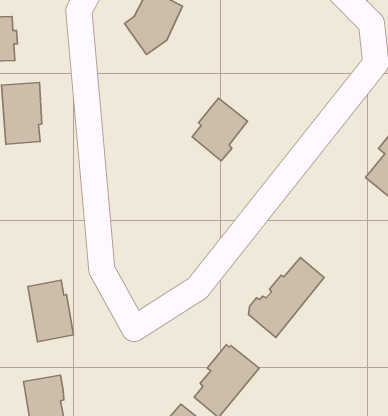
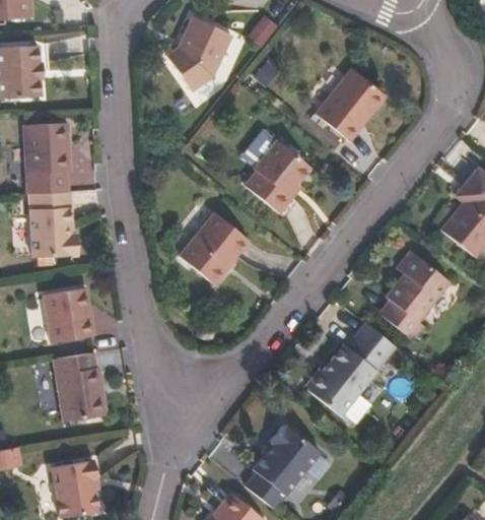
building: none -> [314,67,386,138]
building: none -> [30,190,79,257]
building: none -> [177,211,247,284]
building: none -> [383,254,453,343]
building: none -> [45,287,94,342]

